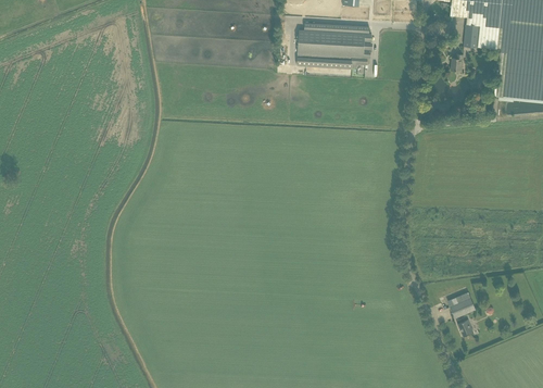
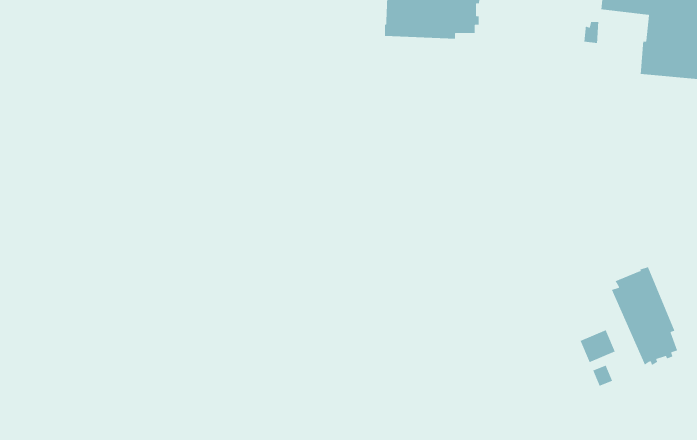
building: none -> [611,266,678,366]

